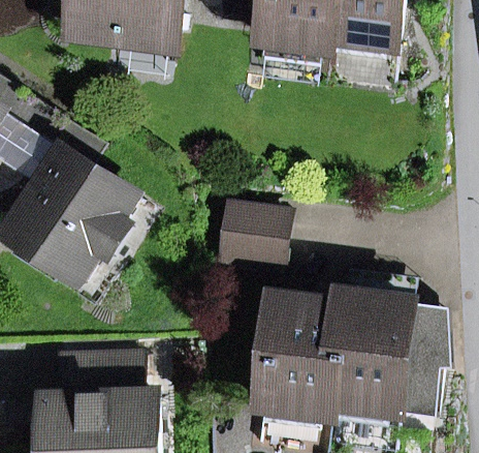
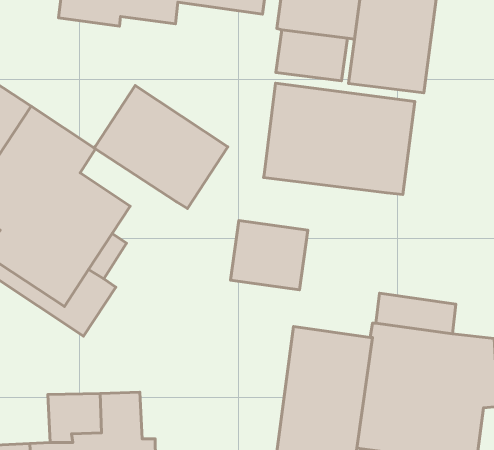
building: none -> [263,83,415,194]
building: none -> [94,85,228,208]

